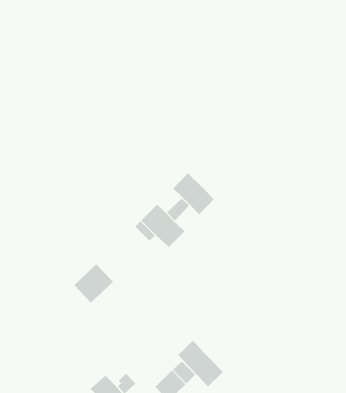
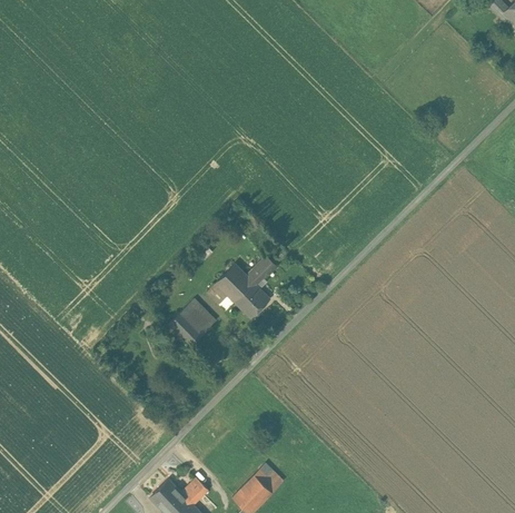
building: [172,173,215,215] -> none
building: [73,263,114,304] -> [166,297,217,348]
building: [178,340,224,387] -> none

